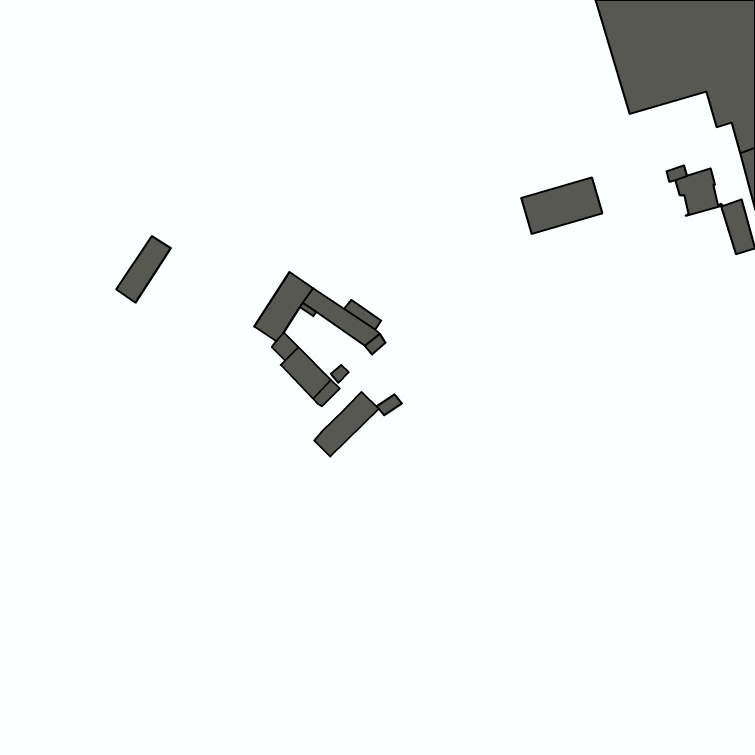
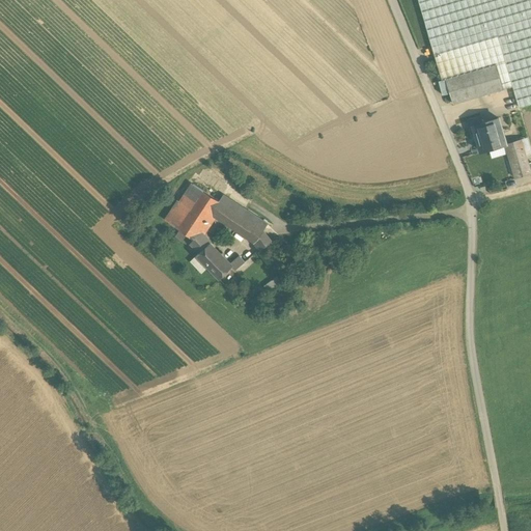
building: [521,178,602,234] -> [446,64,503,104]
building: [116,236,171,303] -> [165,183,203,229]
building: [314,392,379,457] -> none

